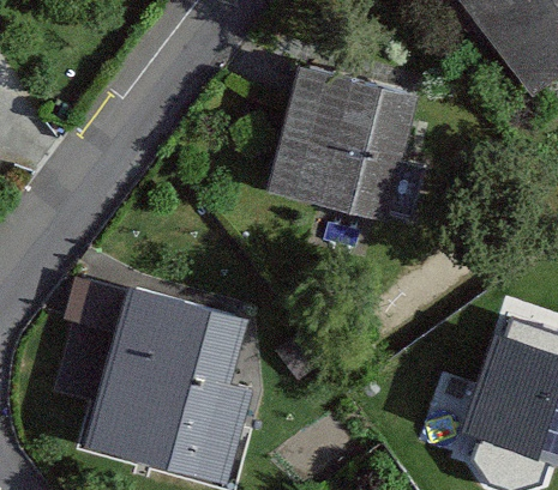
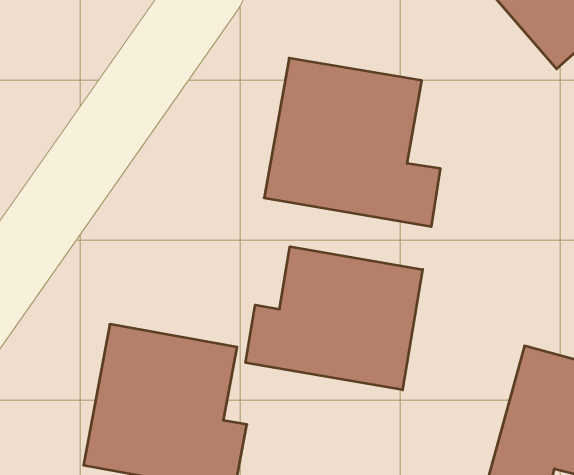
building: none -> [246,247,423,390]

